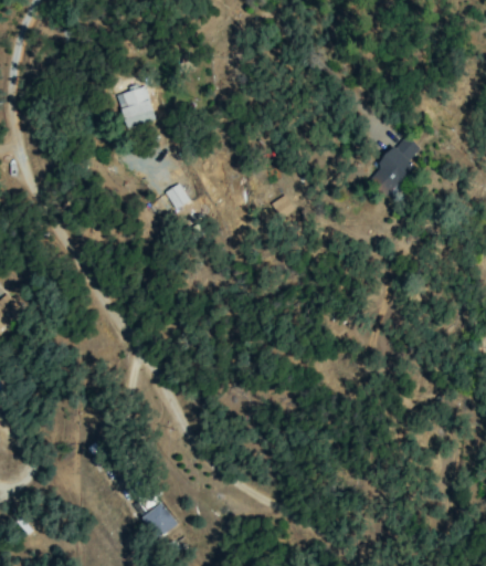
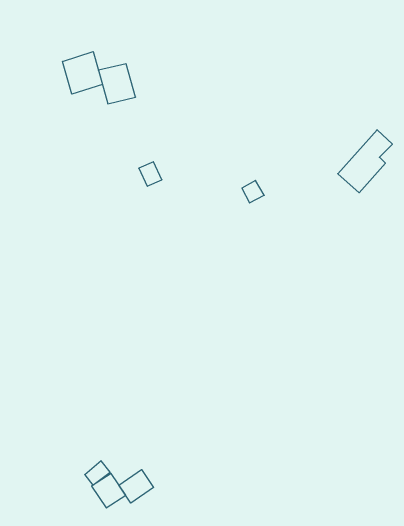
building: none -> [63,52,102,94]
building: none -> [119,470,154,503]

